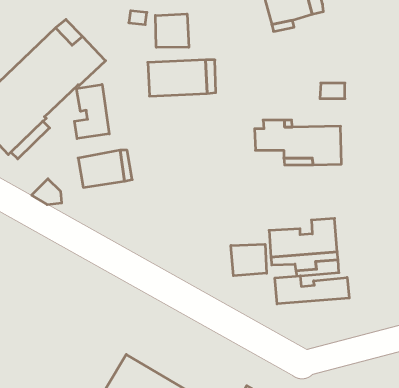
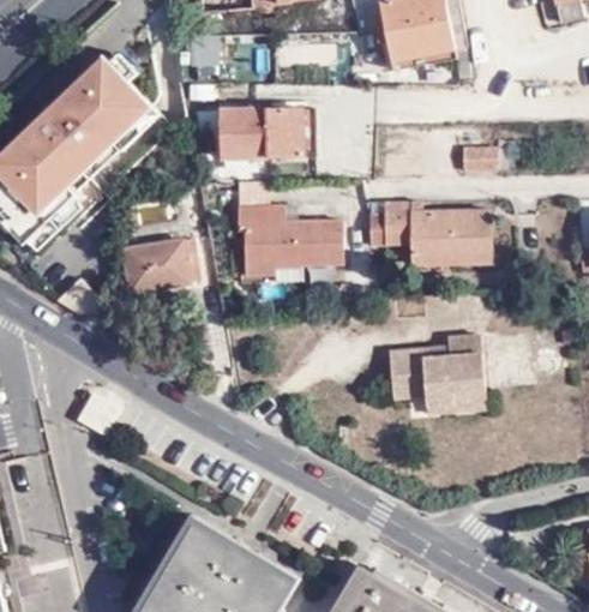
building: [155,14,189,47] -> none
building: [74,84,109,139] -> none
building: none -> [233,199,338,260]
building: [231,244,267,276] -> none
building: [275,276,349,304] -> none

